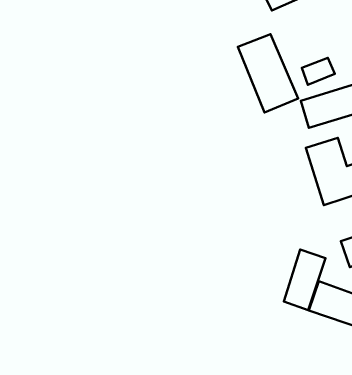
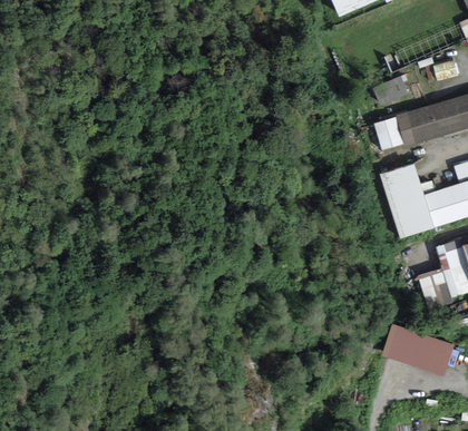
building: [238,34,298,112] -> none
building: [284,250,326,310] -> none

